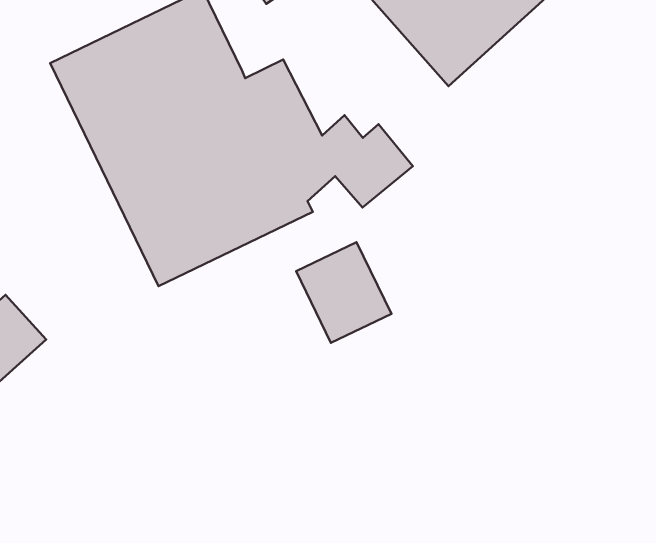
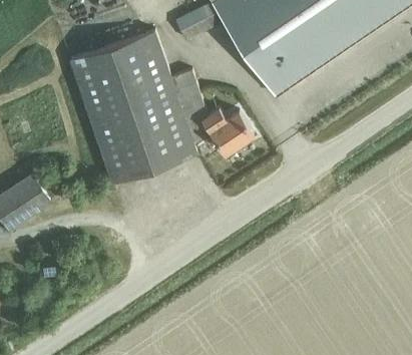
building: [296,242,391,343] -> none

